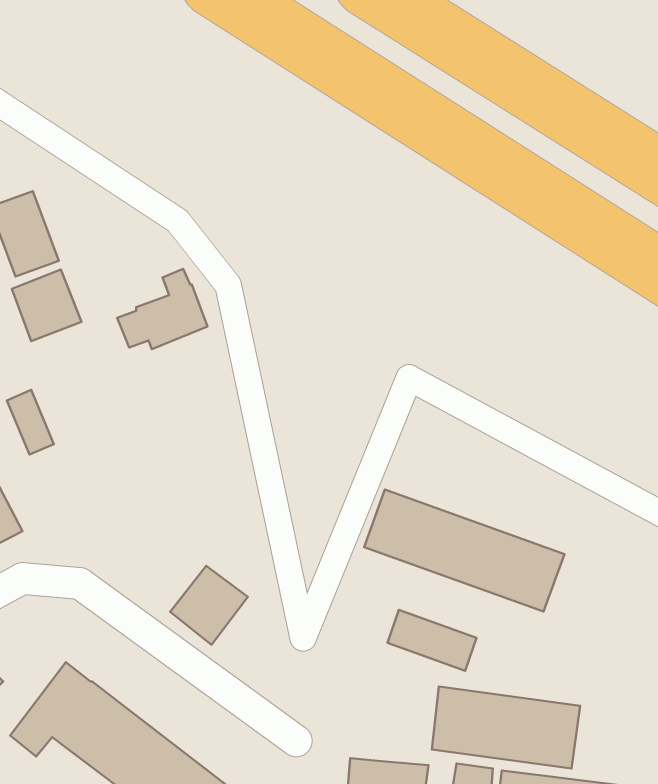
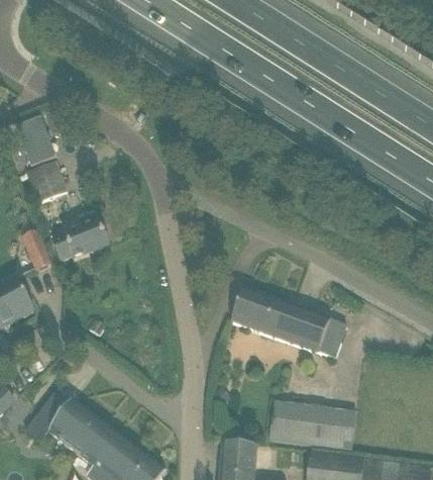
building: [117,269,208,349] -> [55,211,107,258]
building: [170,566,248,645] -> none
building: [388,610,476,671] -> none

